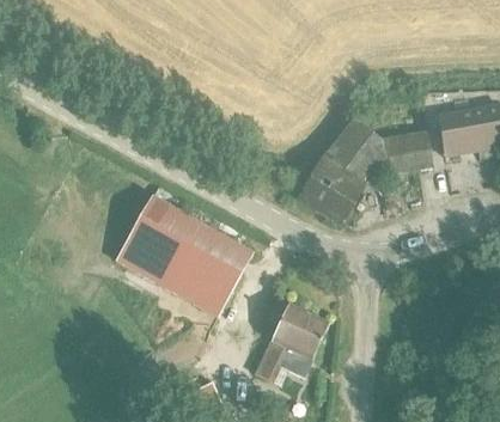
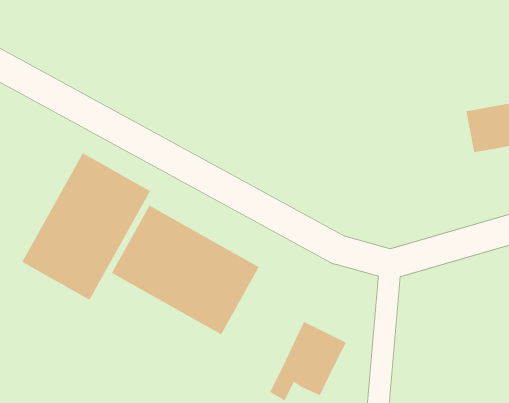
building: [299,117,433,222] -> none
building: none -> [21,152,151,301]

